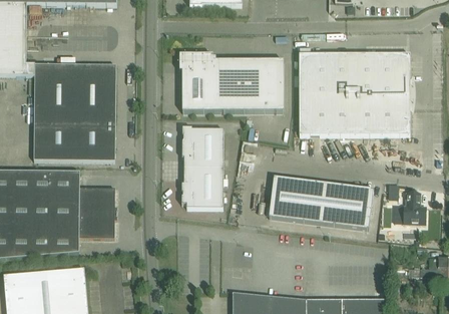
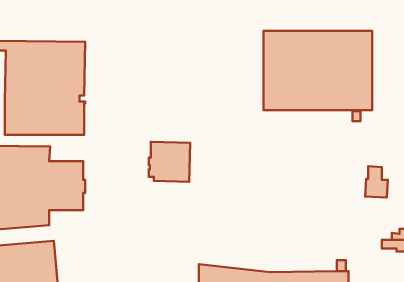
building: [179,53,284,111] -> none
building: [181,126,223,168] -> none
building: [269,176,373,229] -> none

